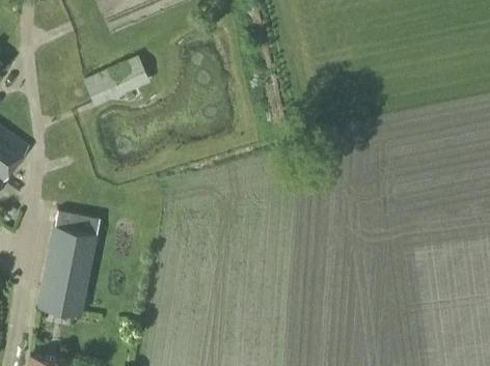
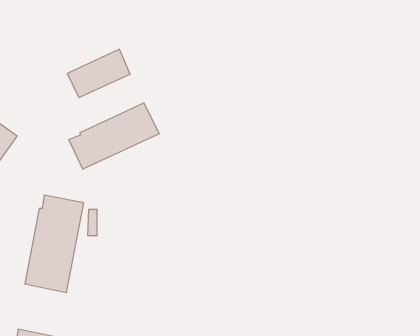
building: none -> [69,103,159,169]

